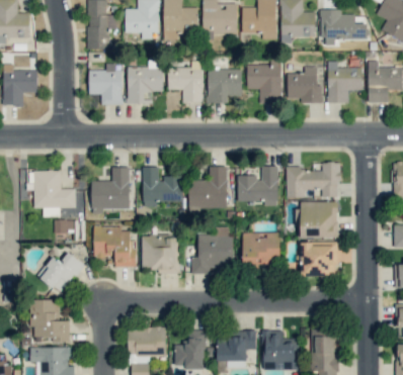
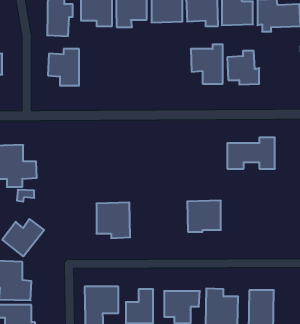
building: [127,61,163,104] -> none
building: [168,62,203,103] -> none
building: [327,62,362,103] -> none
building: [208,70,242,103] -> none
building: [237,166,277,206] -> none
building: [91,167,130,214] -> none
building: [142,167,183,204] -> none
building: [189,167,227,209] -> none
building: [298,201,337,238] -> none
building: [93,226,134,267] -> none
building: [191,227,233,272] -> none
building: [300,242,338,277] -> none

